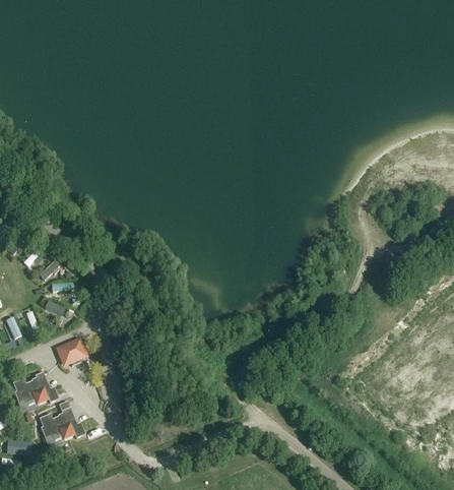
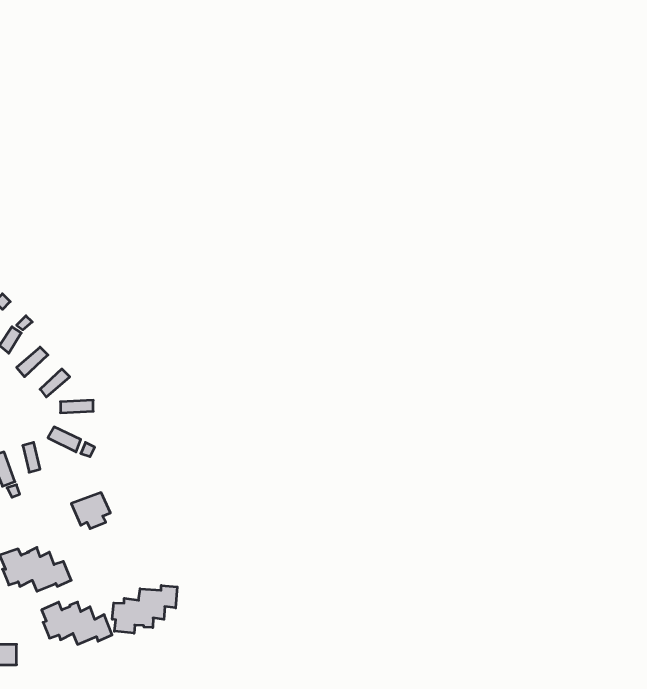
building: none -> [112,585,177,633]

